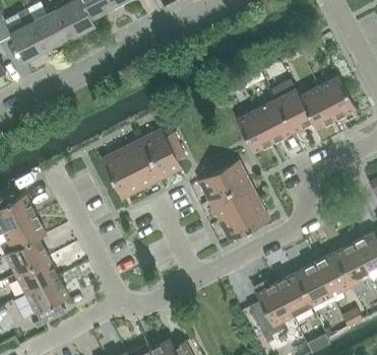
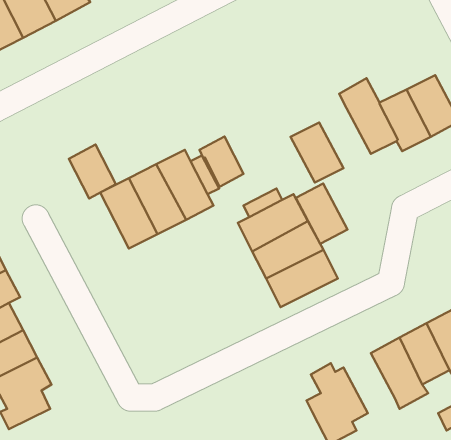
building: [257,99,294,142] -> [296,184,347,244]
building: none -> [200,137,243,186]
building: none -> [69,145,116,199]
building: [274,273,311,315] -> none

